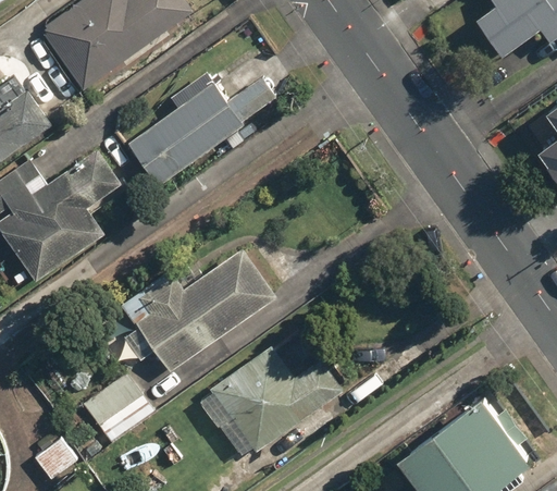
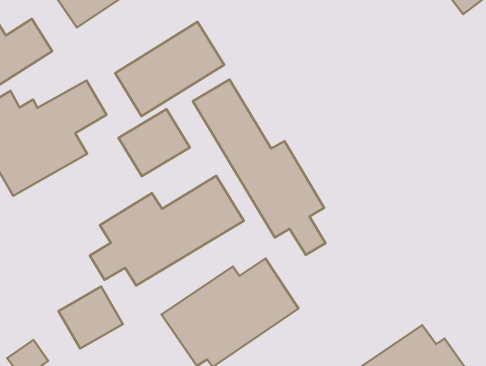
building: none -> [193,79,325,255]
building: none -> [119,109,190,176]

